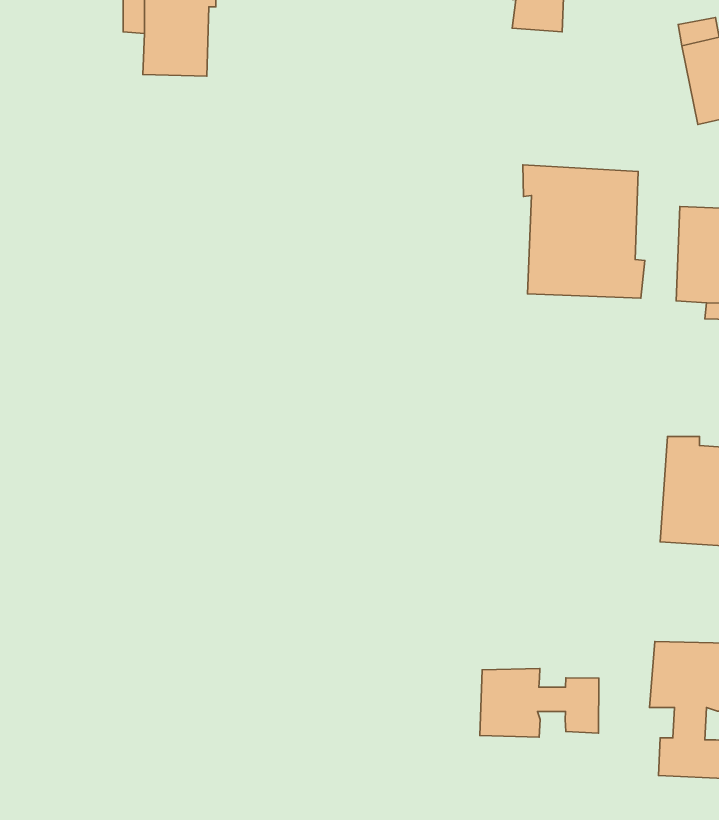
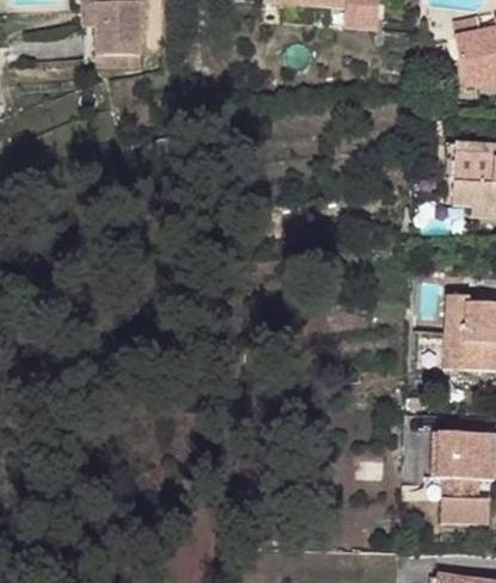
building: [523,165,645,298] -> none
building: [480,669,599,737] -> none

